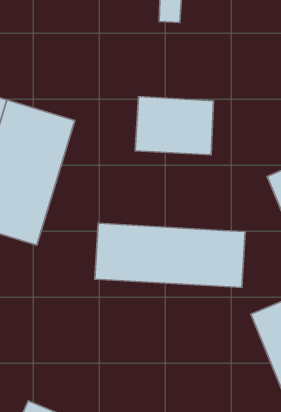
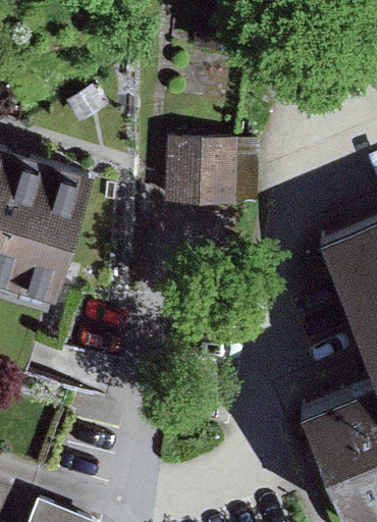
building: [95,223,245,288] -> none

